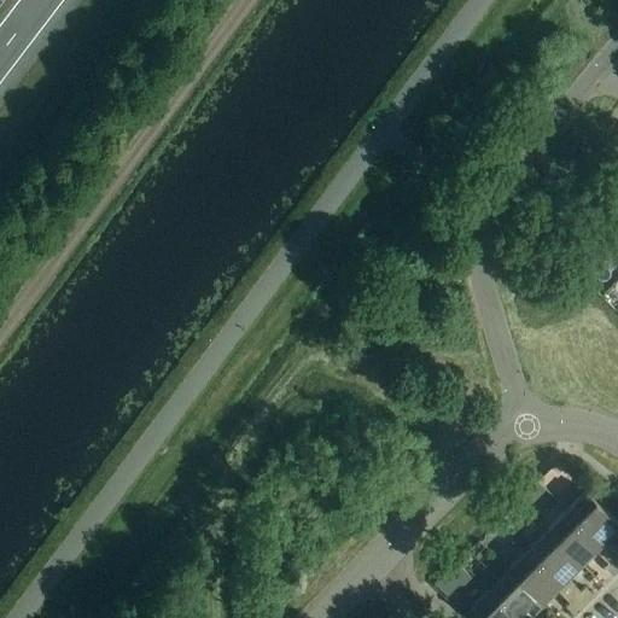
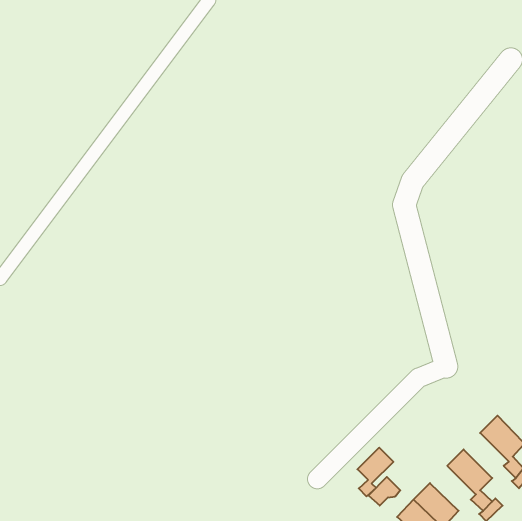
building: [548,513,601,566] -> none
building: none -> [357,448,393,496]
building: [508,552,562,605] -> none

